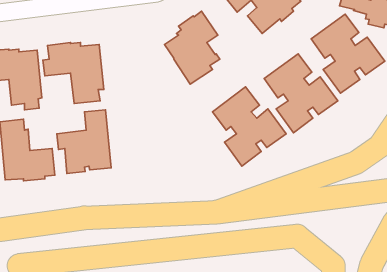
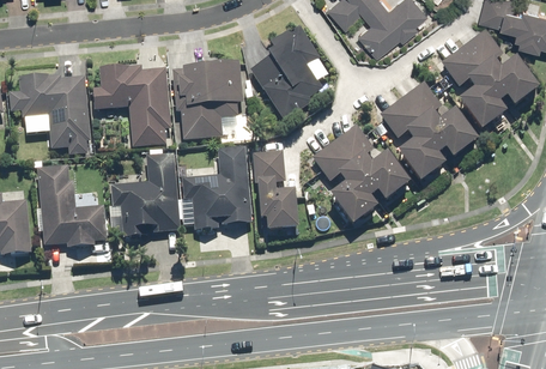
building: none -> [171,66,242,143]
building: none -> [181,150,253,232]
building: none -> [253,153,296,236]

